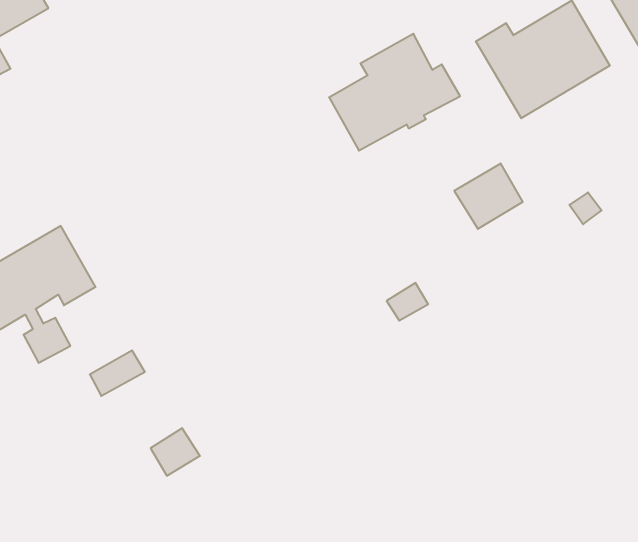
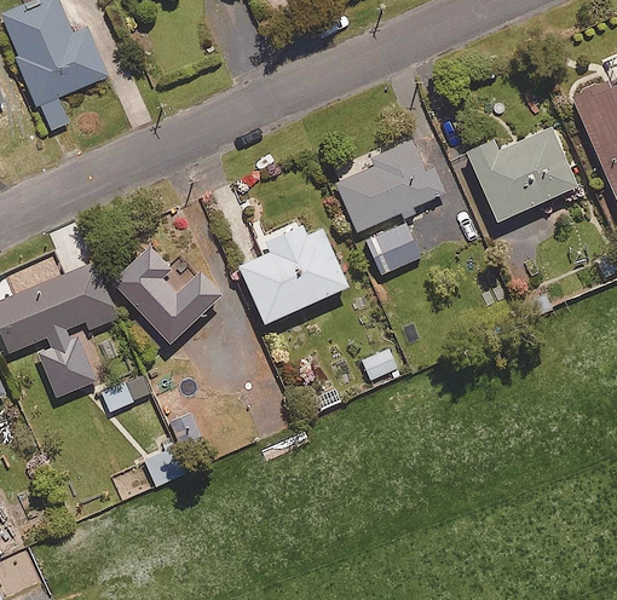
building: none -> [238,221,347,323]
building: [454,163,523,229] -> [365,221,422,275]
building: none -> [110,247,219,344]

